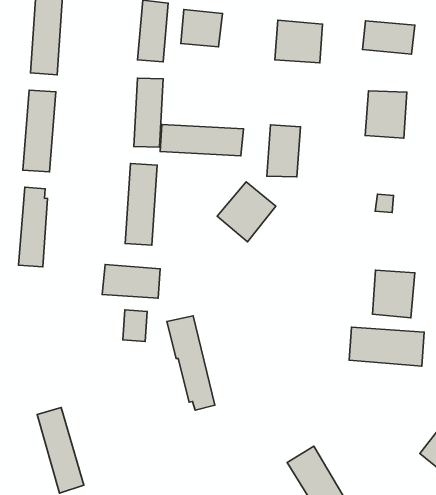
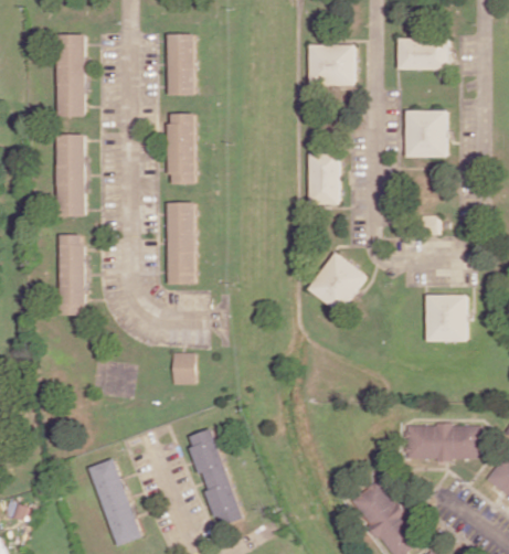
building: [181,10,222,47] -> none
building: [160,125,243,156] -> none
building: [217,182,276,242] -> [307,252,367,313]
building: [102,264,160,298] -> none
building: [167,316,215,410] -> [185,428,241,525]
building: [349,327,424,366] -> [405,425,480,460]

